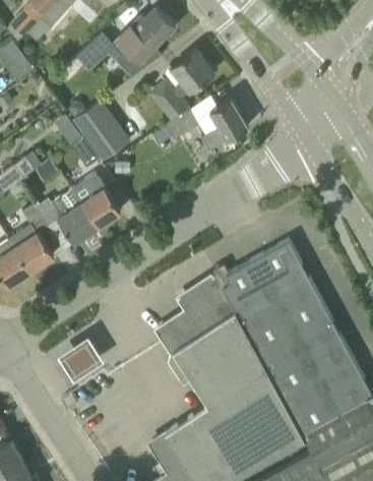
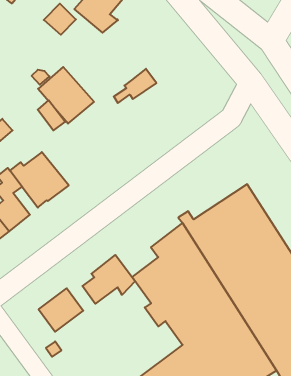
building: [159,49,213,120] -> none
building: [200,99,247,151] -> none
building: [70,175,119,228] -> none
building: none -> [82,255,135,304]

